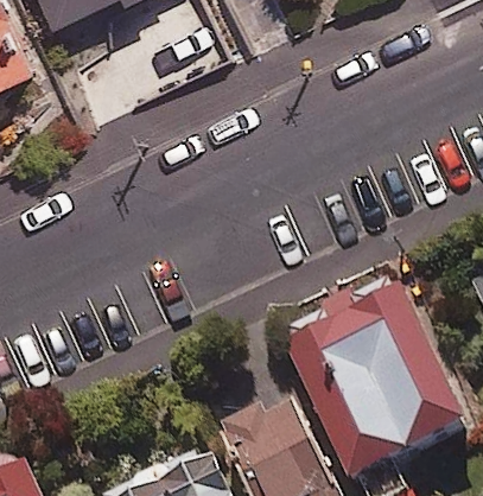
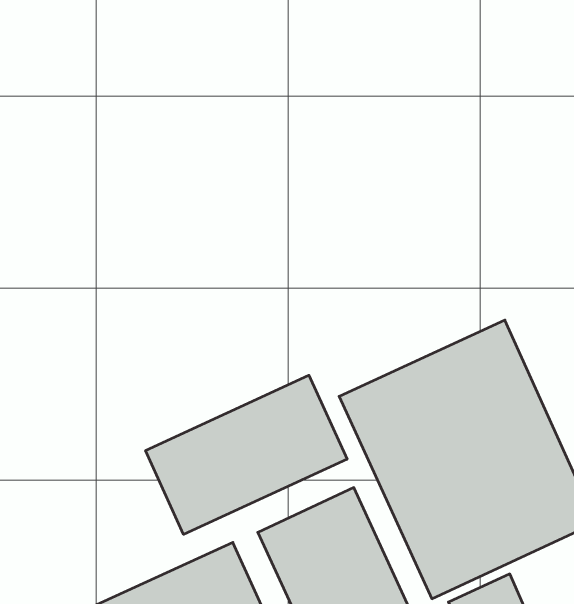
building: none -> [146,375,347,534]

